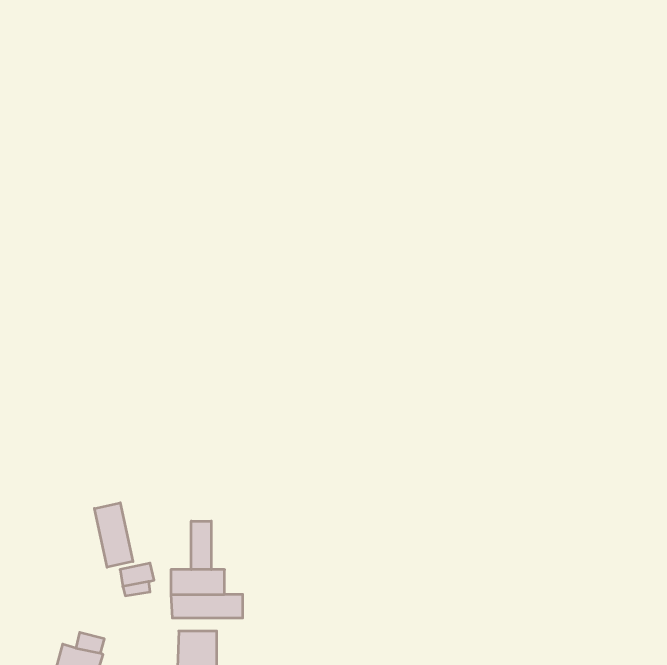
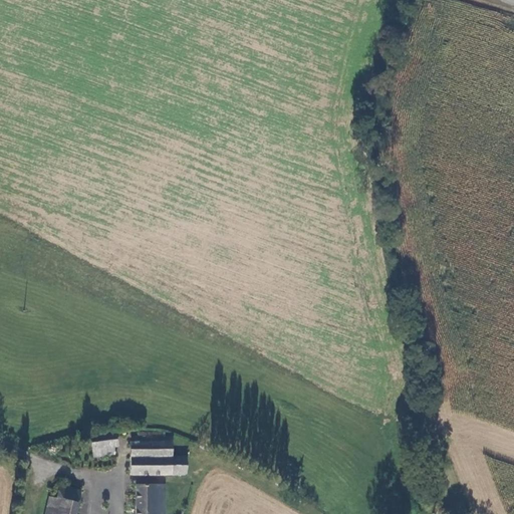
building: [94,503,133,567] -> none
building: [191,521,211,570] -> none

